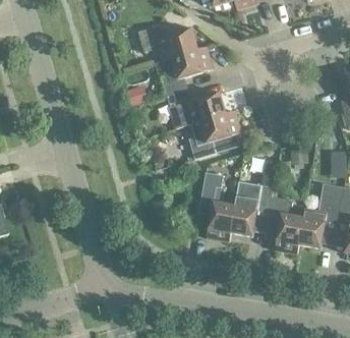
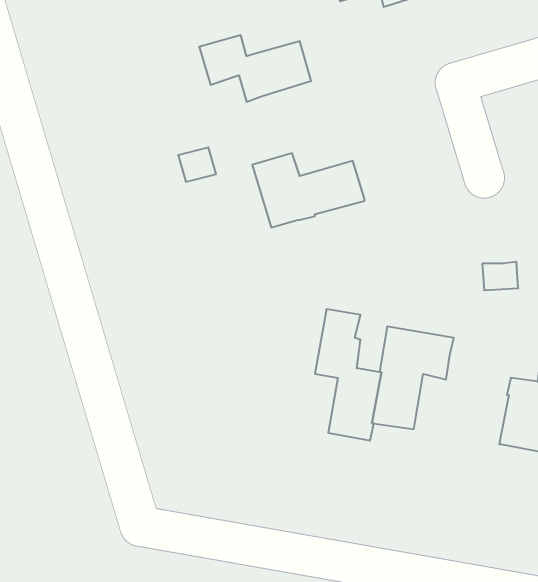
building: [160,46,213,94] -> none
building: [188,110,241,158] -> none
building: [268,195,303,252] -> none

